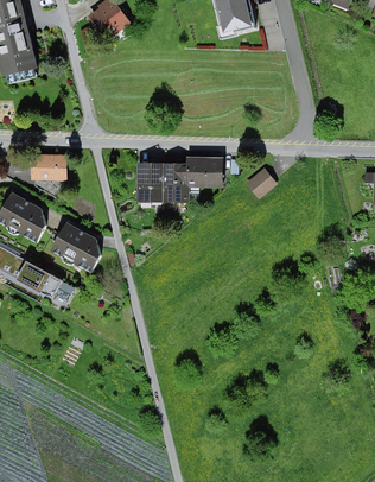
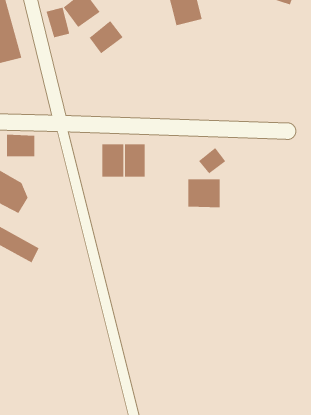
building: none -> [46,7,70,38]
building: none -> [89,20,123,54]
building: [179,158,216,190] -> [187,179,221,208]
building: [51,222,103,273] -> none

